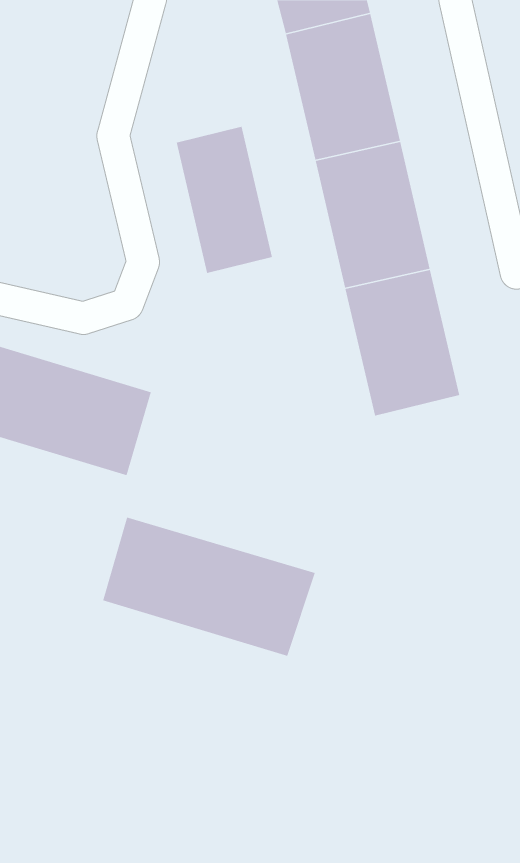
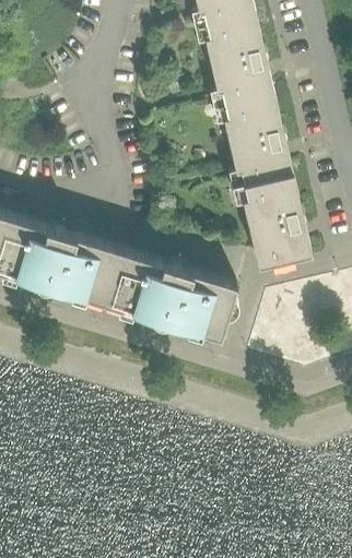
building: [176,126,273,274] -> none
building: [102,517,316,657] -> [106,259,239,346]

